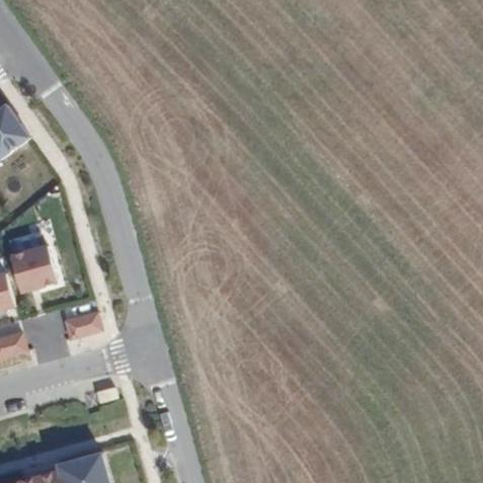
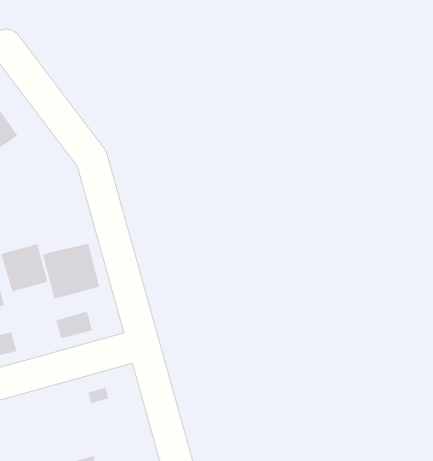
building: none -> [42,243,100,299]

